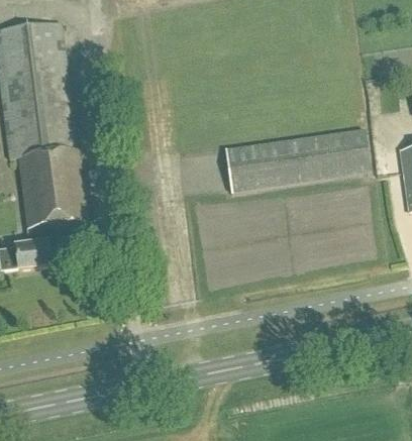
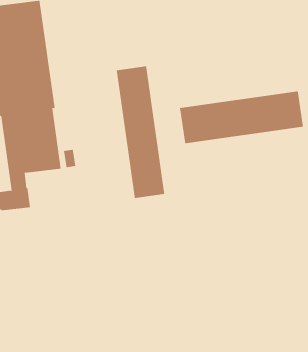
building: none -> [116,66,165,199]

